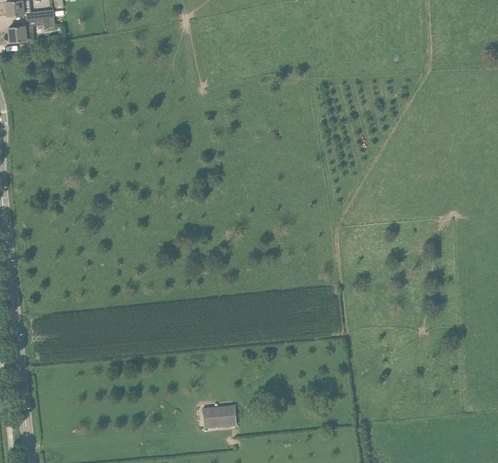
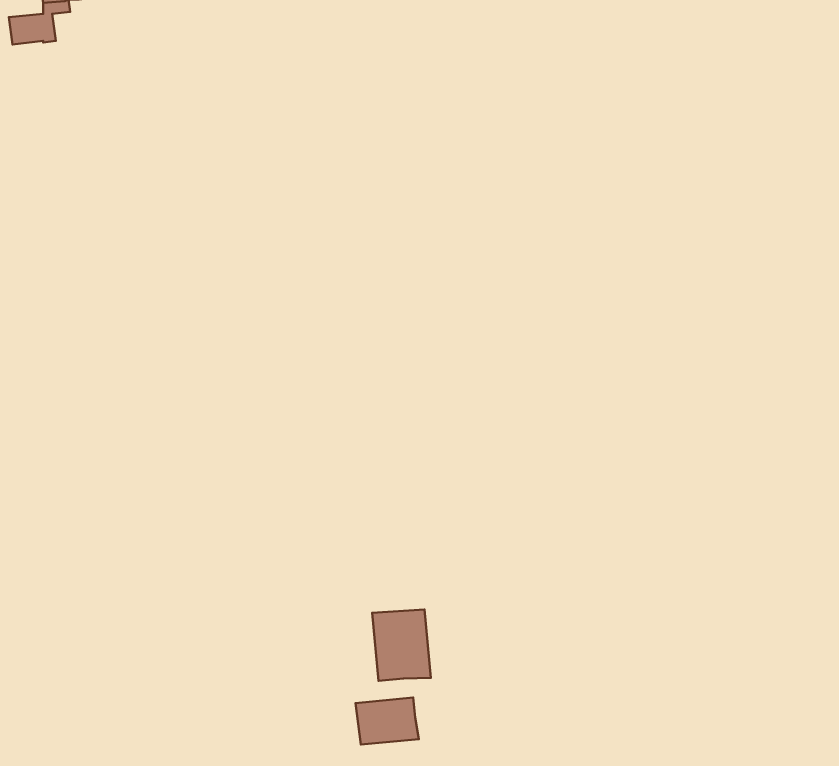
building: none -> [372,610,431,681]

